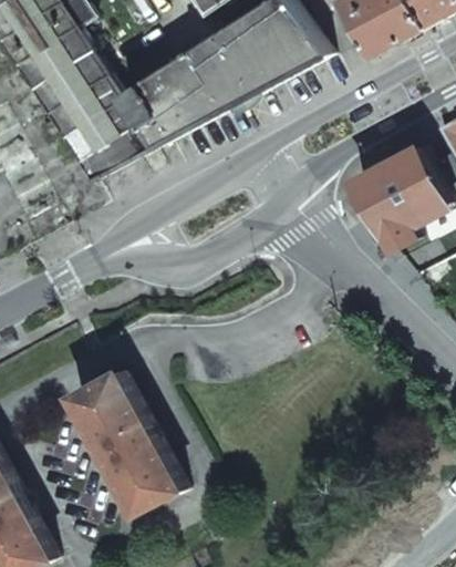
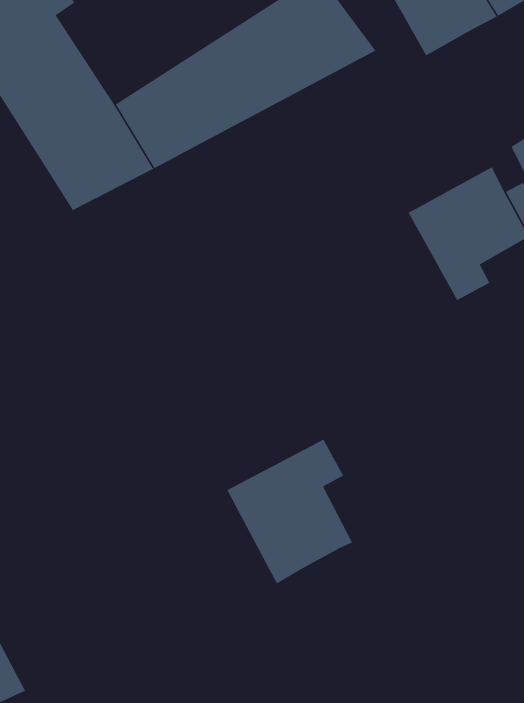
building: none -> [226,438,353,584]
building: [71,369,179,512] -> none

